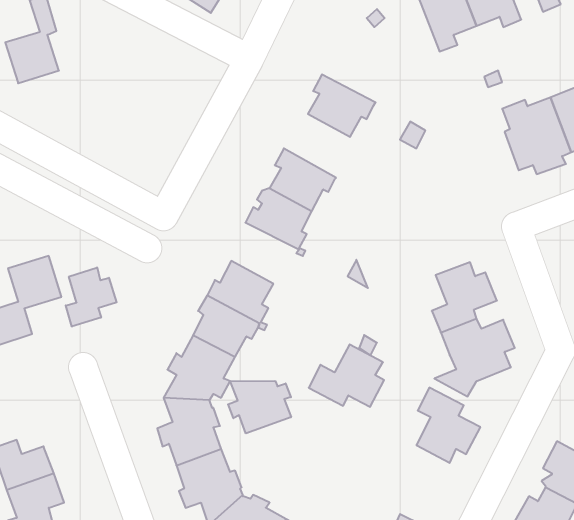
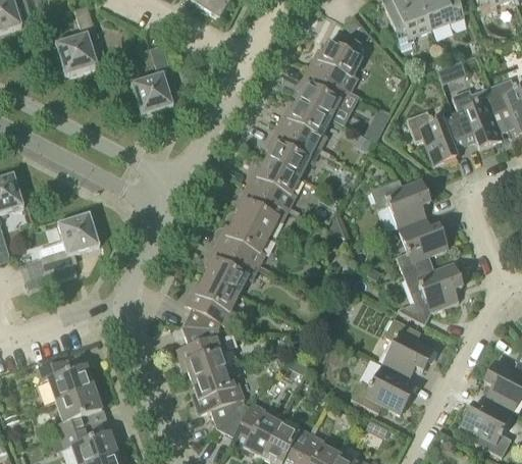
building: none -> [308,34,367,96]
building: none -> [130,44,178,115]
building: none -> [277,99,330,154]
building: none -> [406,110,465,165]
building: none -> [370,178,429,227]
building: none -> [236,186,290,235]
building: [66,267,117,327] -> none
building: [309,344,384,407] -> [351,363,411,413]
building: [228,381,291,433] -> none

